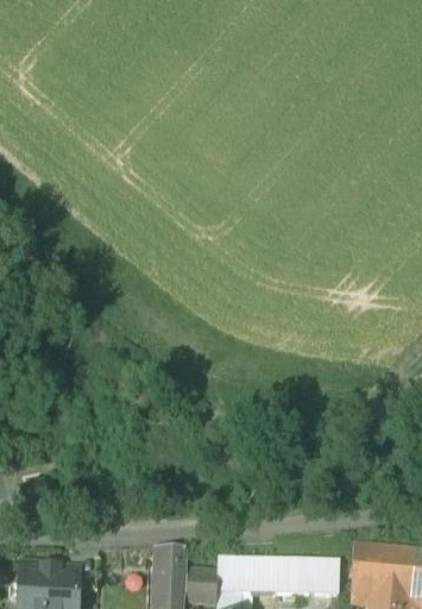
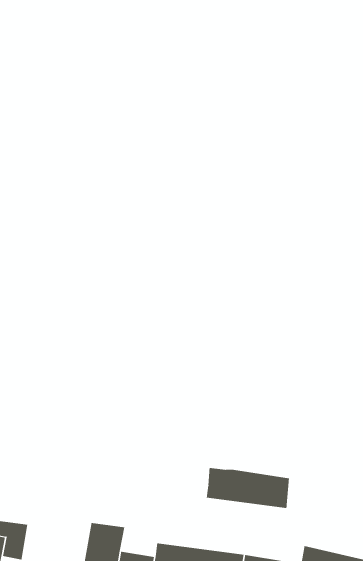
building: none -> [206,467,290,509]

